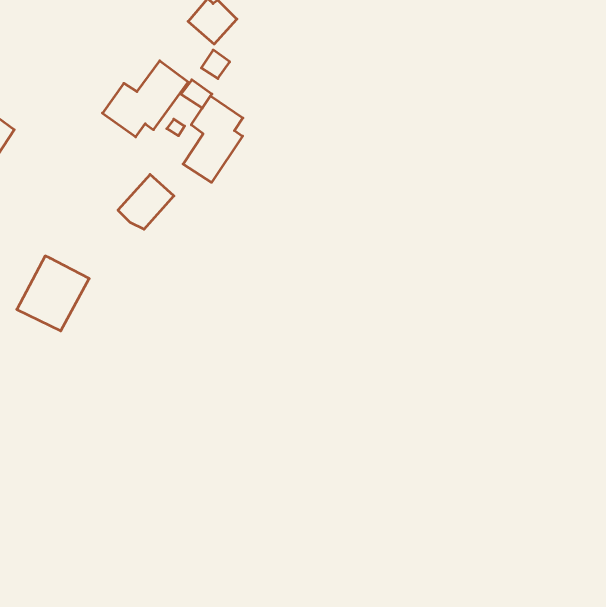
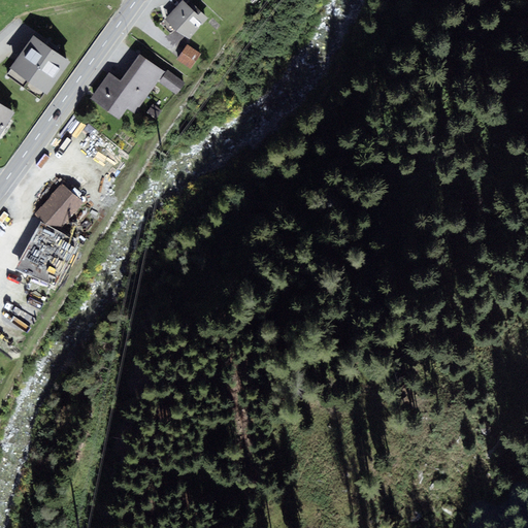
building: none -> [7,34,70,95]
building: [183,96,243,182] -> none
building: [118,174,174,229] -> [33,183,81,230]

